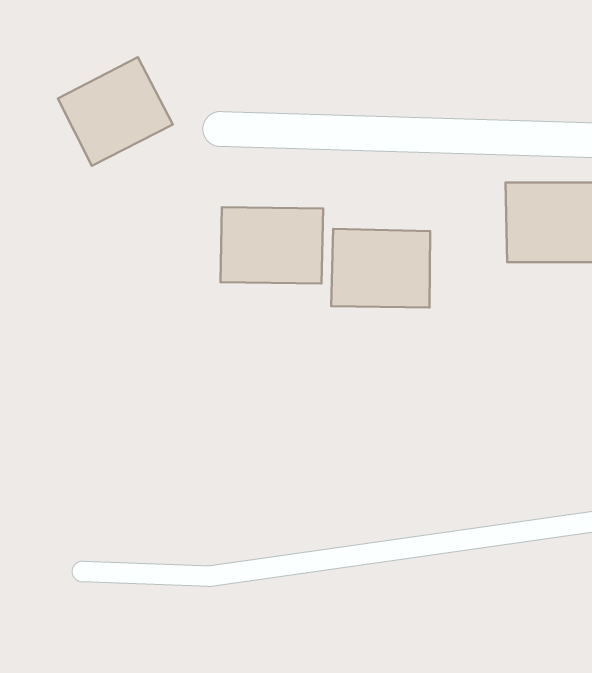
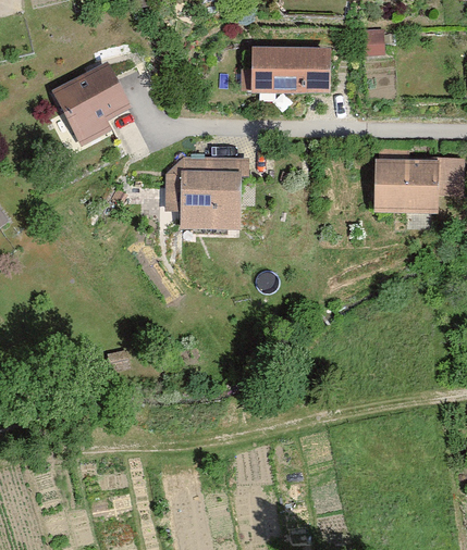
building: none -> [249,47,328,92]
building: [331,229,430,308] -> none

